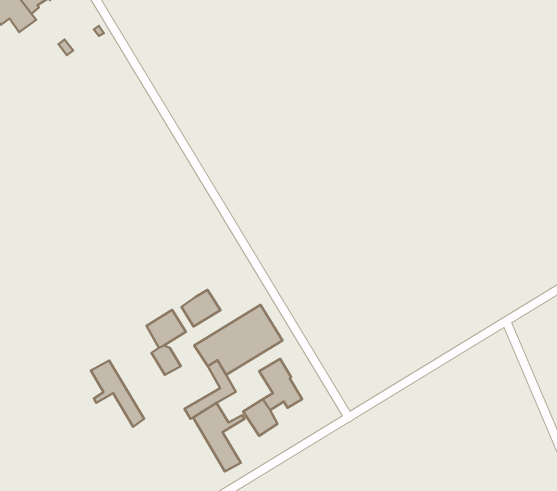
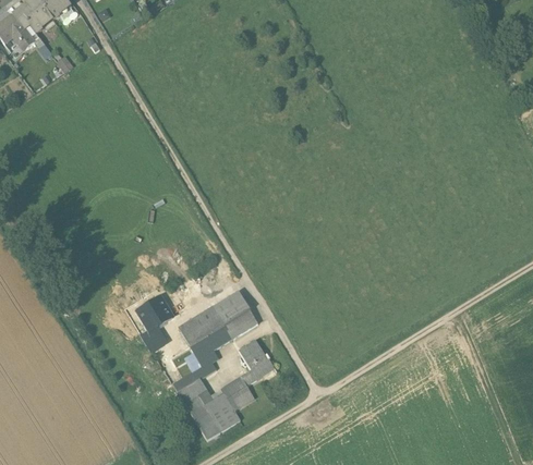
building: [182,290,221,327] -> none
building: [91,361,144,427] -> none
building: none -> [204,392,240,431]

